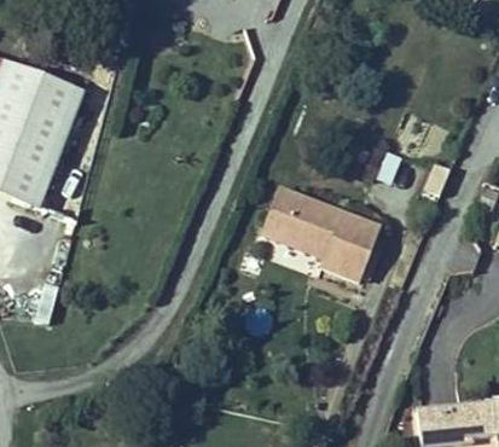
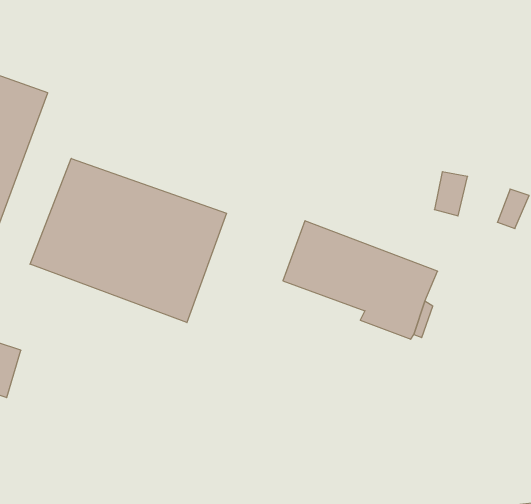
building: none -> [30,158,227,323]

